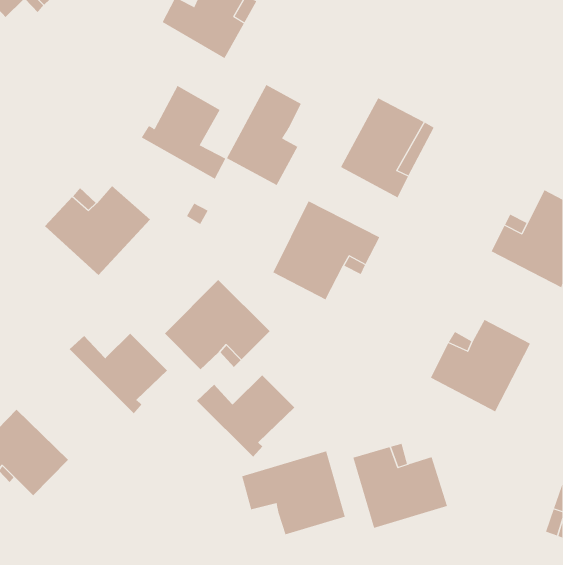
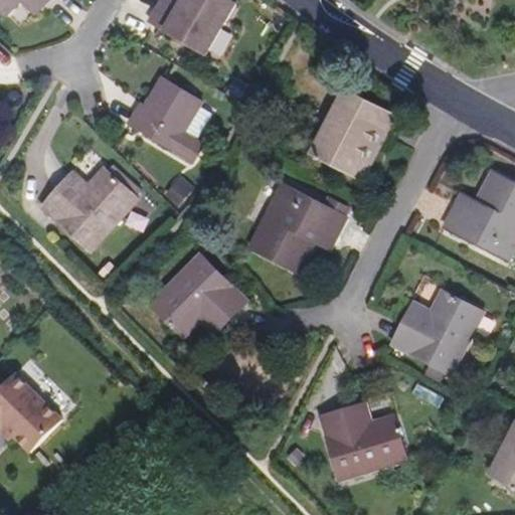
building: [226,84,302,186] -> none
building: [69,333,168,414] -> none
building: [196,374,295,458] -> none
building: [241,450,346,535] -> none

